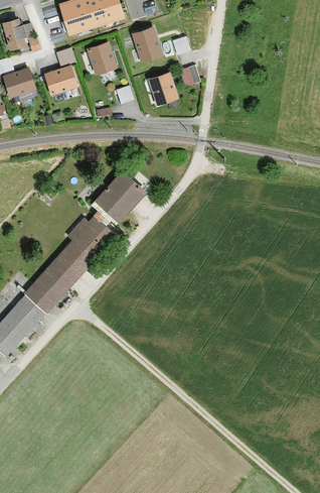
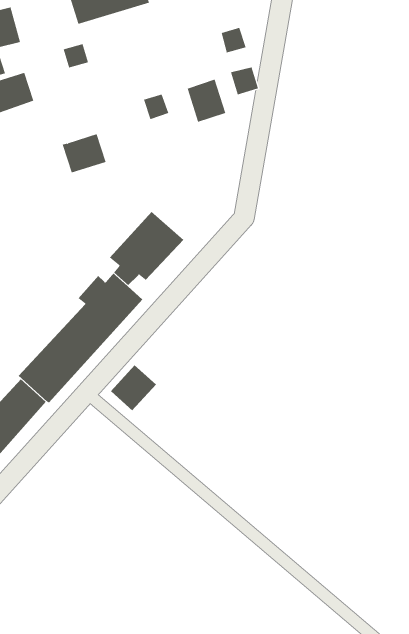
building: [132,27,162,61] -> none
building: [87,41,117,75] -> none
building: [44,66,77,95] -> [62,134,107,173]
building: none -> [110,364,157,411]

